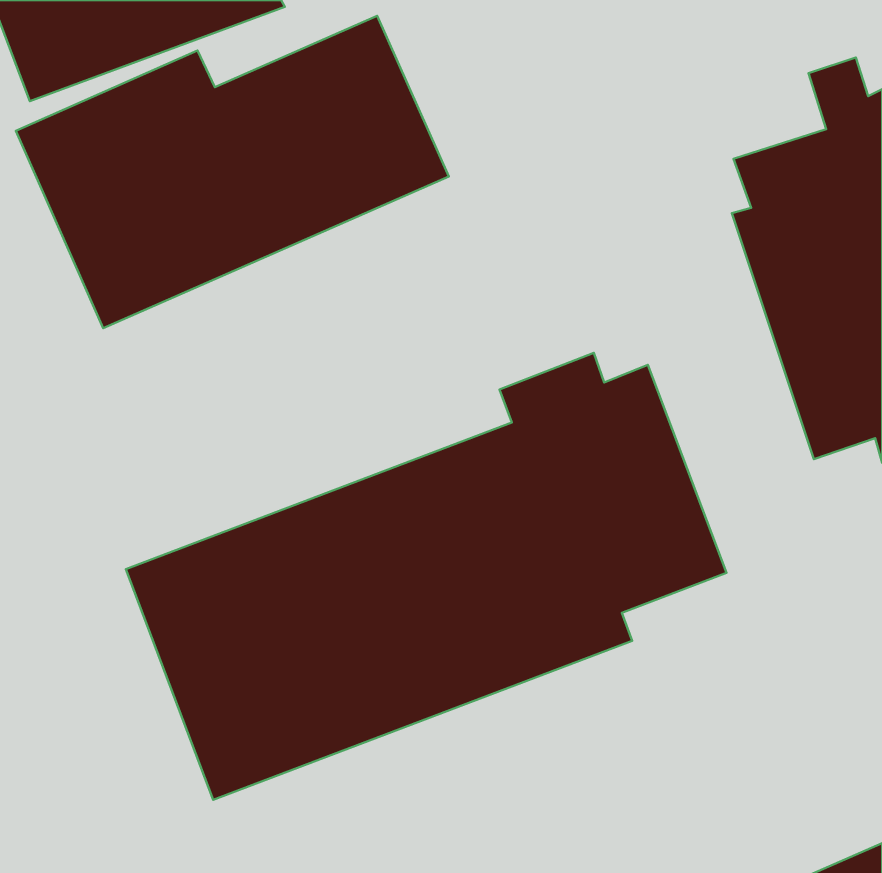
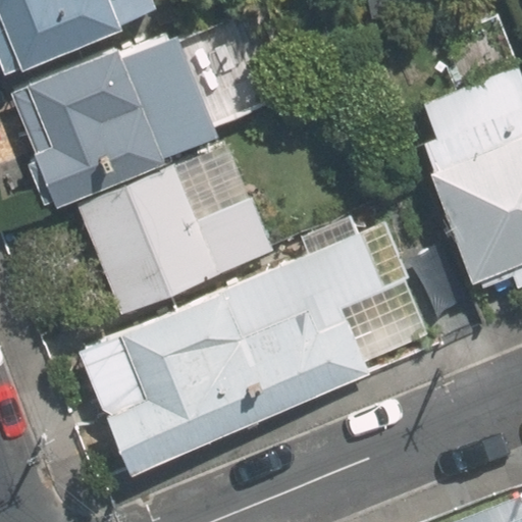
building: none -> [82,145,272,313]

